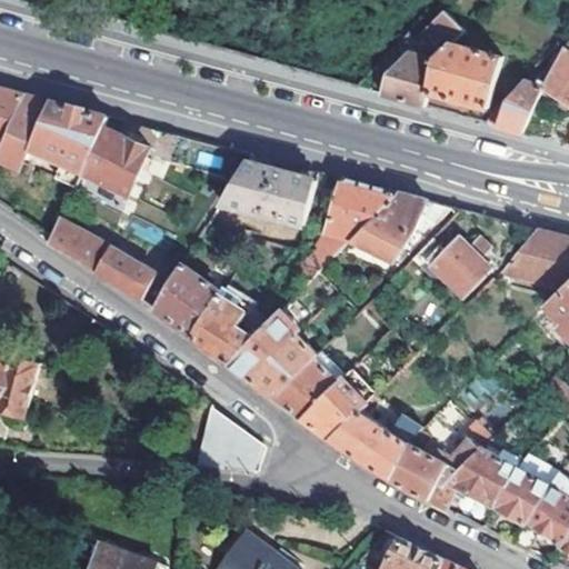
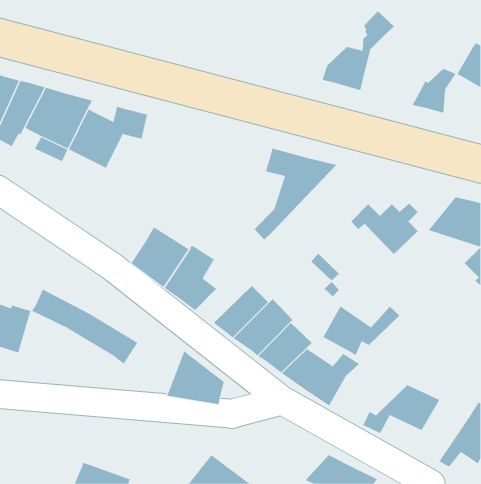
building: [427,43,500,110] -> none
building: [219,163,317,227] -> none
building: [351,193,427,261] -> none
building: [44,220,170,309] -> [31,289,138,365]
building: [229,311,301,379] -> none
building: [387,440,478,499] -> [323,306,400,356]
building: [496,469,552,523] -> none

